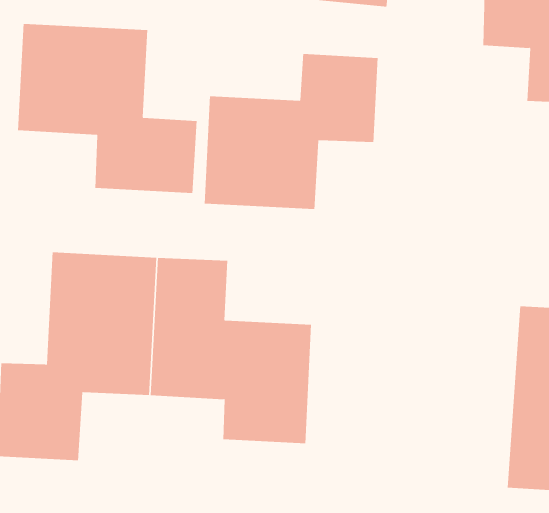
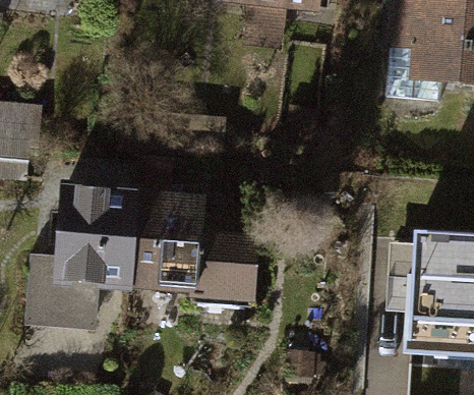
building: [18,23,197,194] -> none
building: [204,53,378,210] -> none

